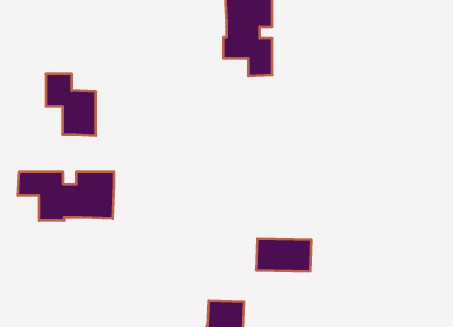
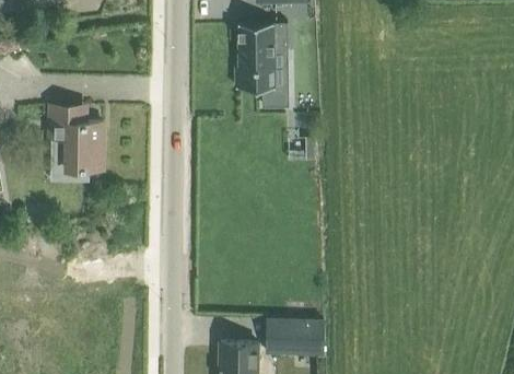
building: [18,172,114,221] -> none
building: [256,239,311,271] -> [266,320,324,354]

